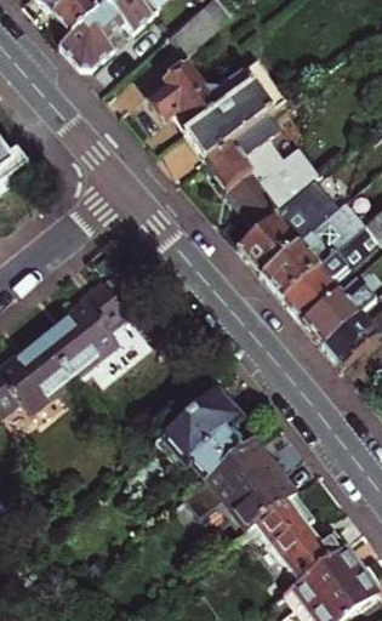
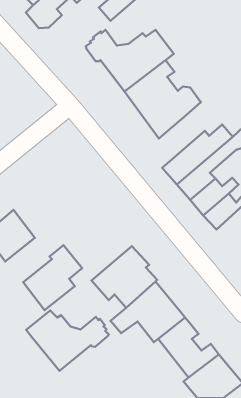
building: [238,194,343,272] -> none
building: [42,279,130,375] -> [23,245,82,310]
building: none -> [26,310,109,371]

